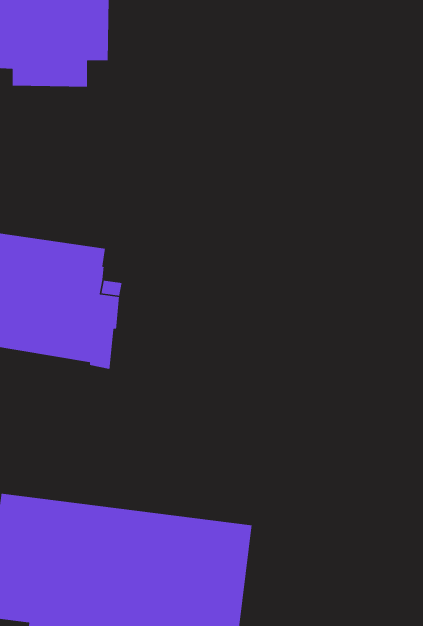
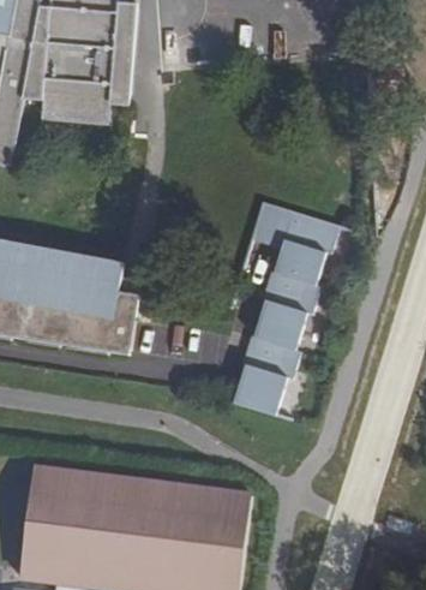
building: none -> [234,201,338,416]

